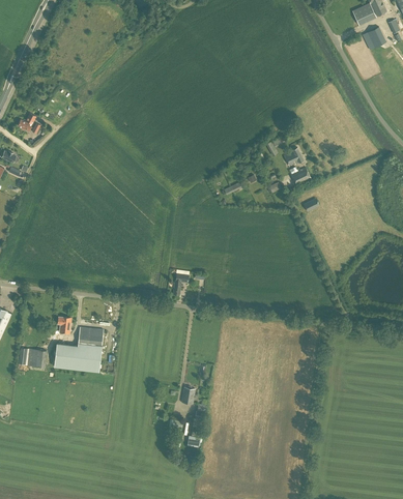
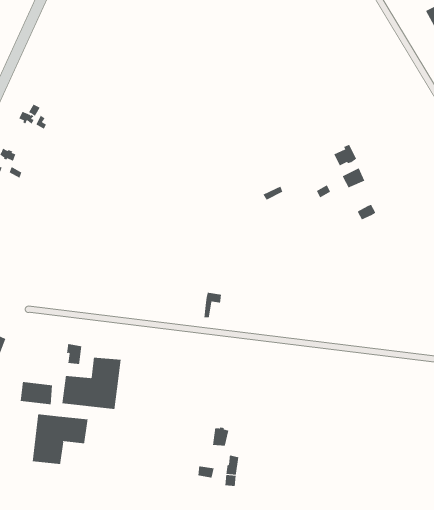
building: none -> [32,414,88,465]

